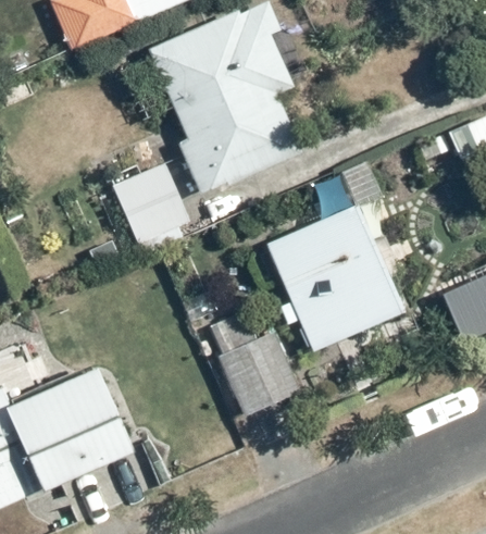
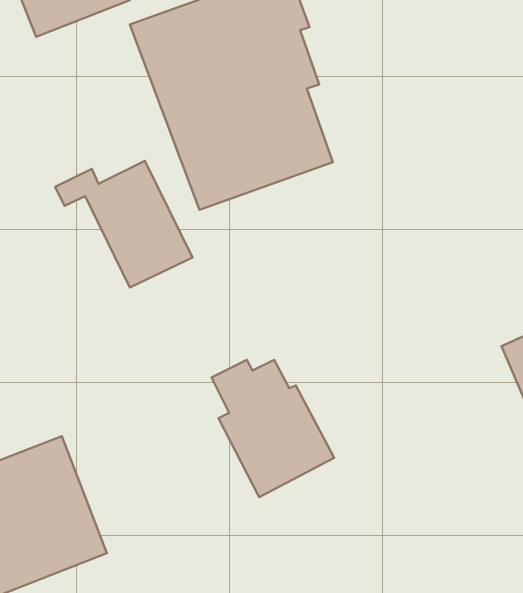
building: [263,157,404,353] -> none

